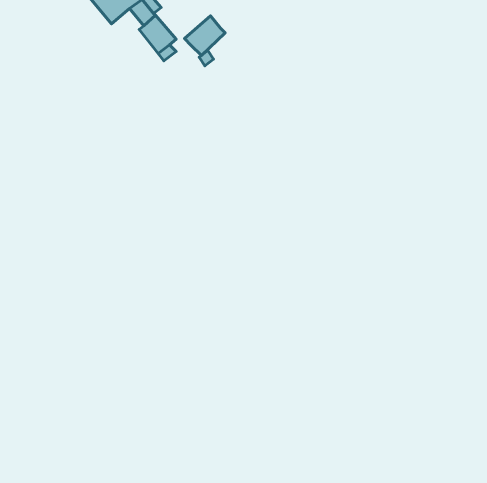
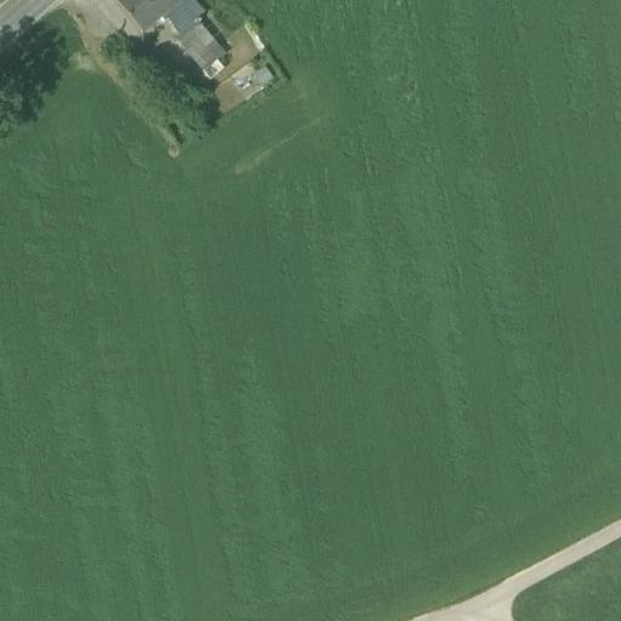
building: [185,16,225,55] -> none

